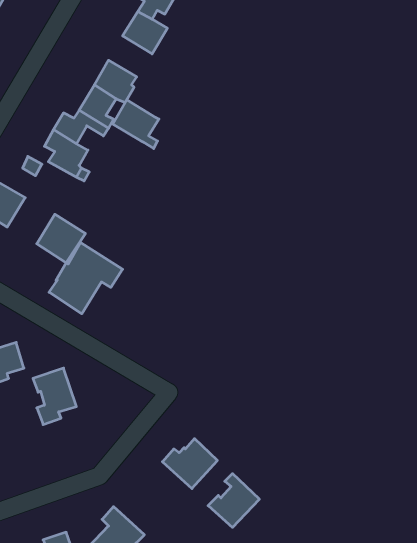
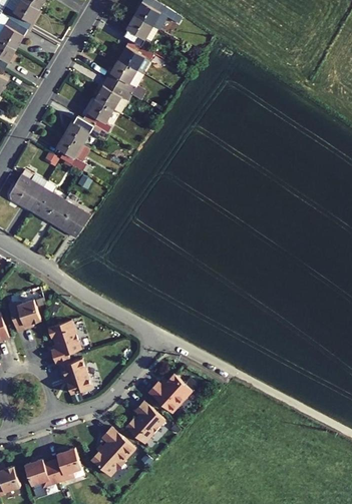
building: [113,100,159,149] -> [107,61,143,99]
building: none -> [28,187,65,223]
building: [49,242,123,314] -> none
building: none -> [59,360,92,395]
building: [208,474,259,527] -> [125,403,165,445]

